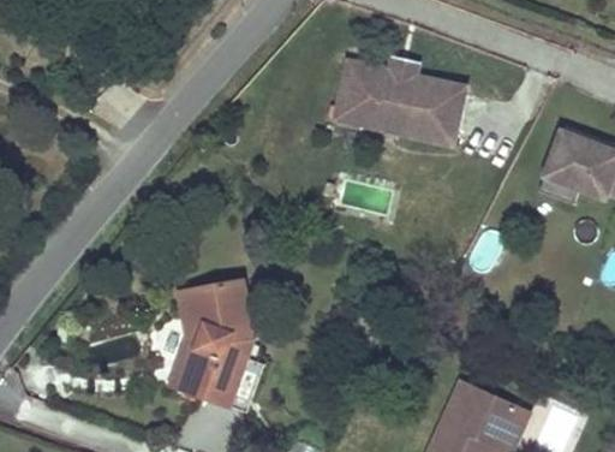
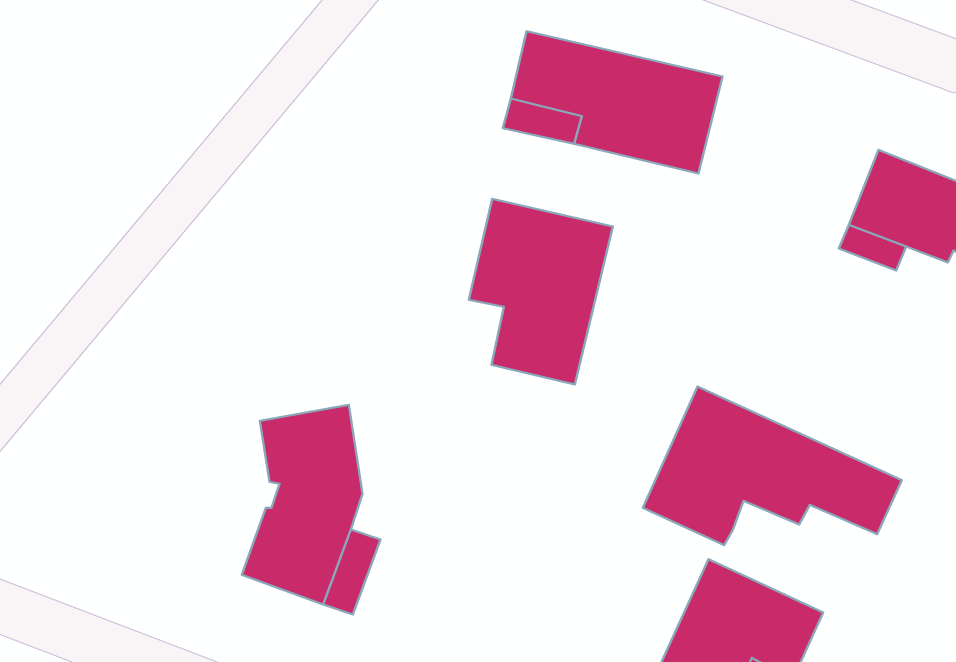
building: none -> [469,199,613,385]
building: none -> [643,386,902,545]
building: [165,295,199,388] -> none

